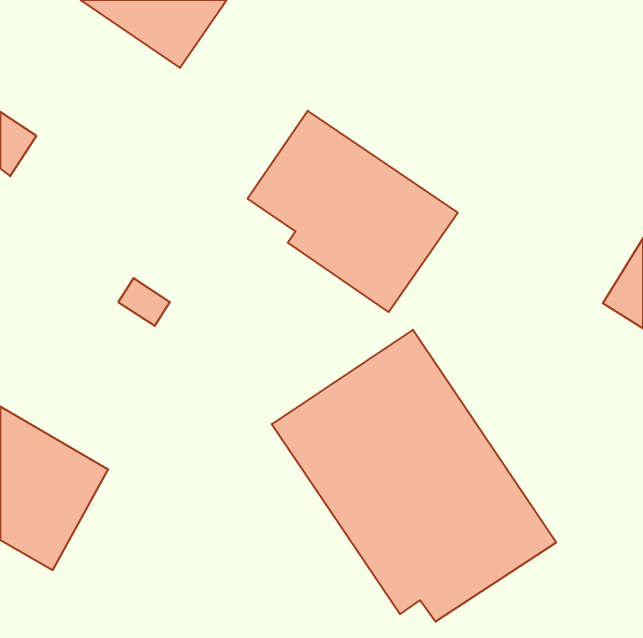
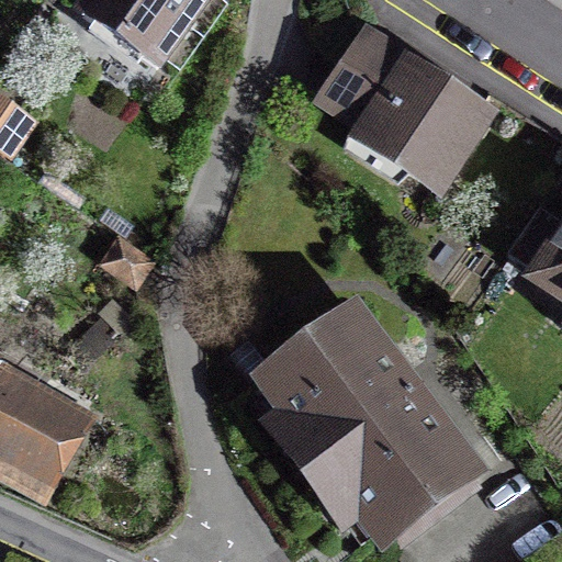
building: [248,111,458,312] -> [314,18,497,193]

